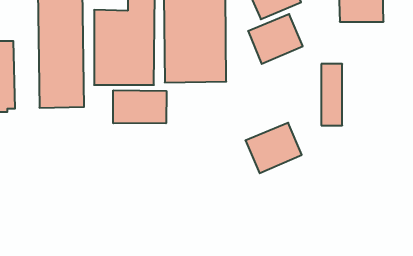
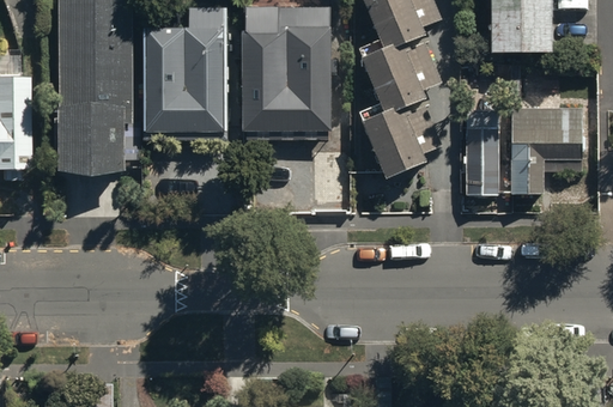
building: none -> [510,111,582,193]
building: [113,90,166,123] -> none
building: [245,123,302,173] -> [358,99,438,171]

